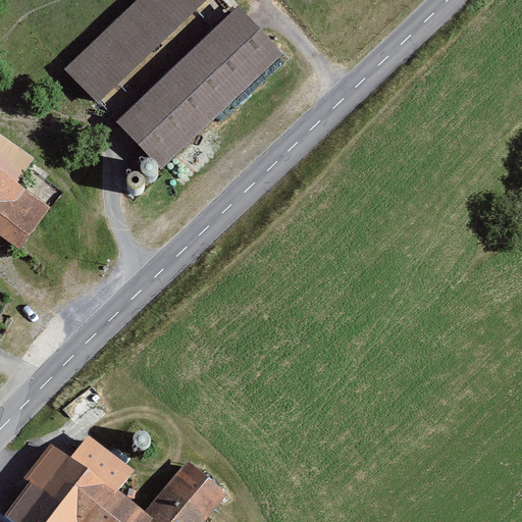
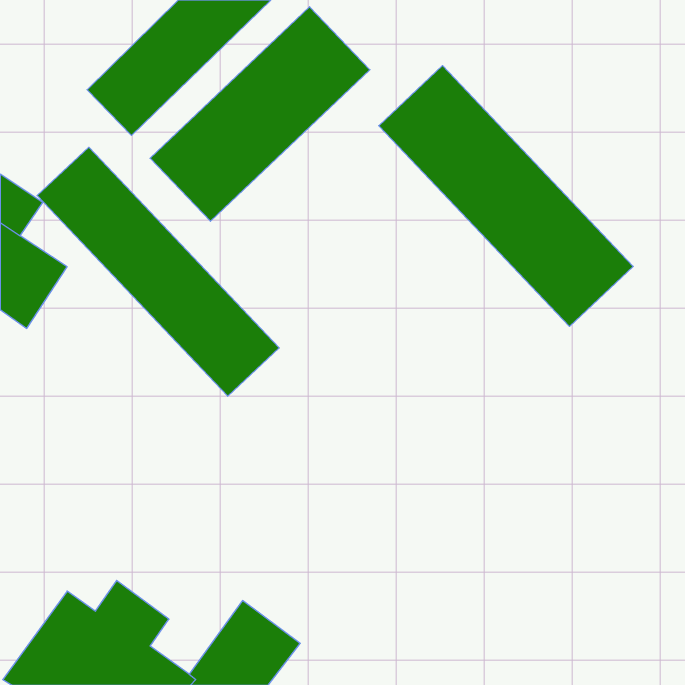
building: none -> [379,66,633,326]
building: none -> [37,147,279,396]

